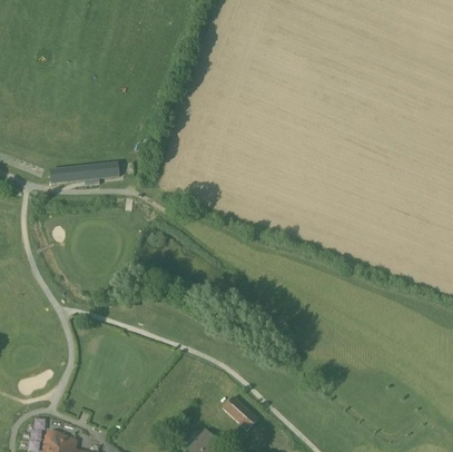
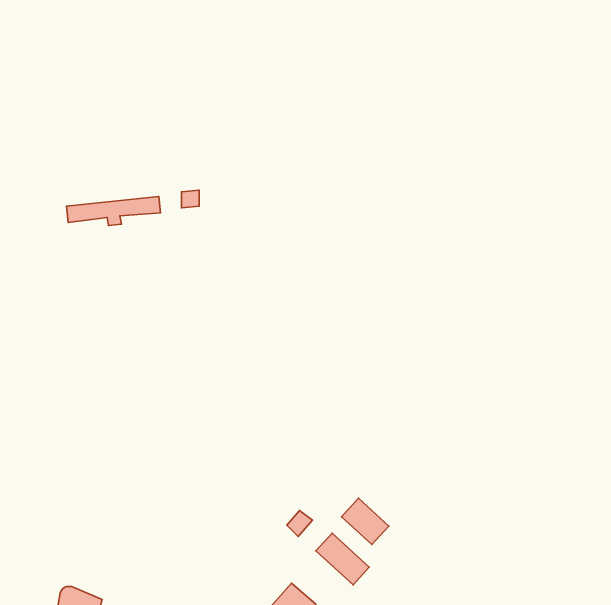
building: none -> [342,498,389,545]

